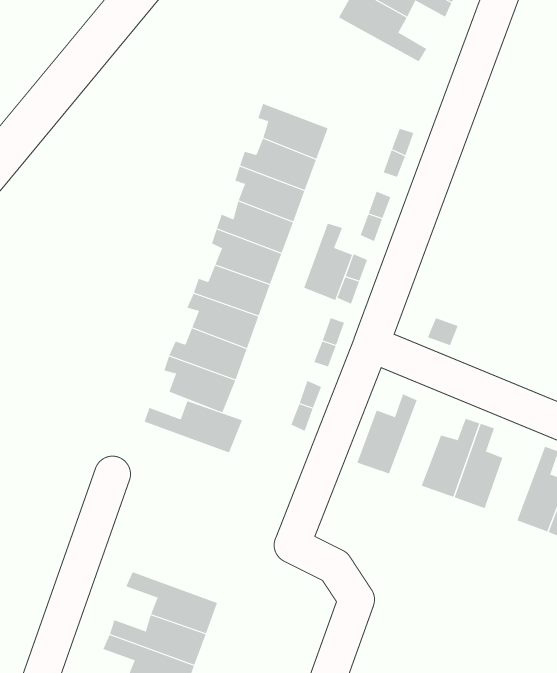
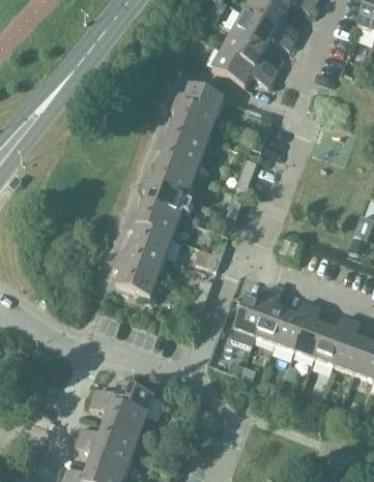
building: none -> [212,49,274,86]
building: none -> [175,84,225,118]
building: [304,223,353,301] -> none
building: none -> [255,289,287,342]
building: [144,401,243,453] -> [93,383,155,416]
building: none -> [315,314,352,364]

